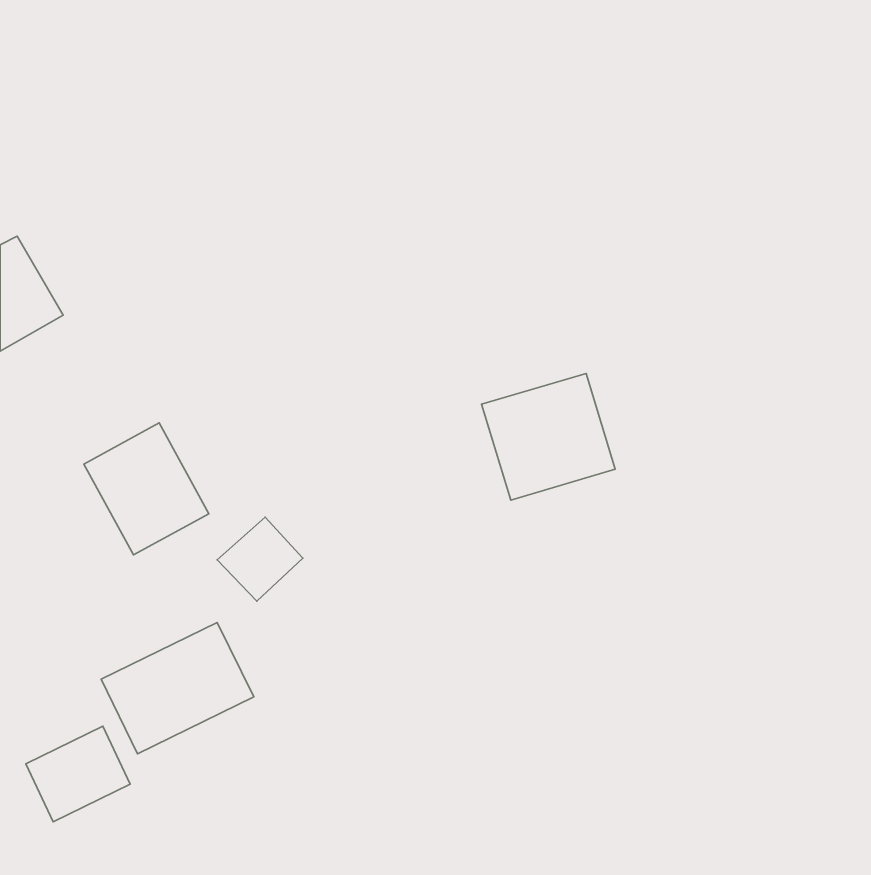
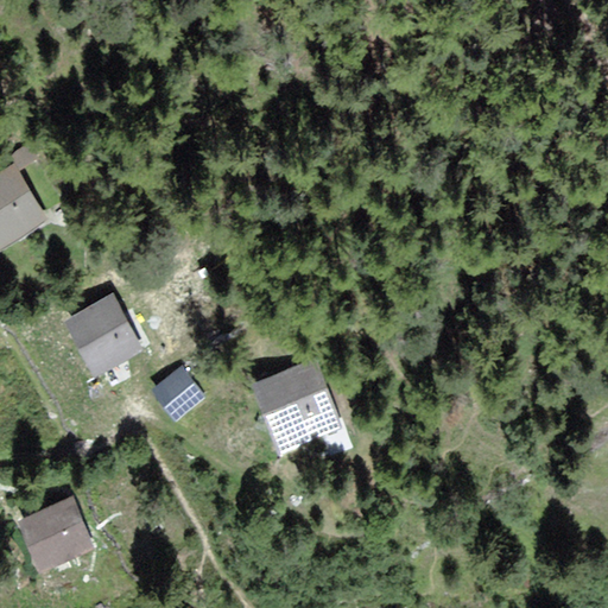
building: [482,373,615,500] -> [247,361,340,449]
building: [101,622,254,754] -> none

